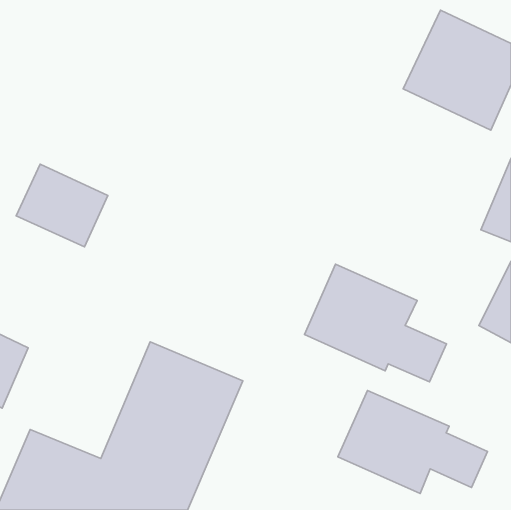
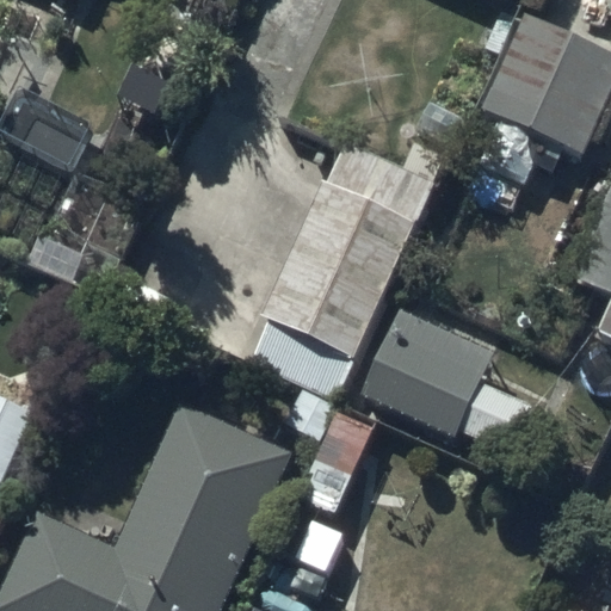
building: none -> [249,143,438,403]
building: [338,390,488,493] -> none

